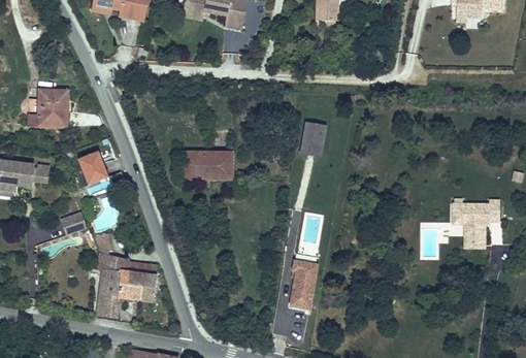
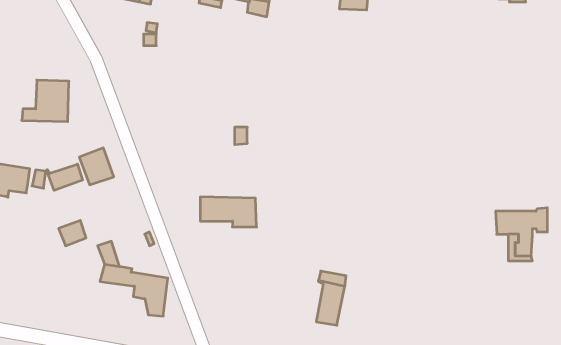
building: [300,121,327,156] -> none
building: [183,151,233,177] -> [200,197,257,227]
building: none -> [47,164,83,190]
building: [98,269,140,320] -> none

